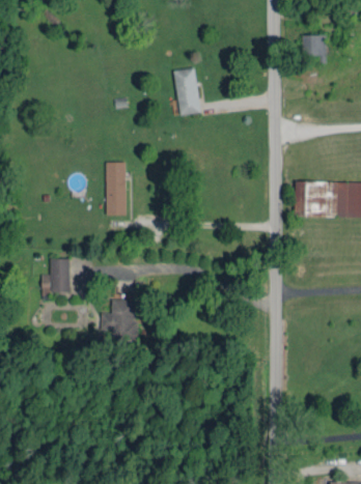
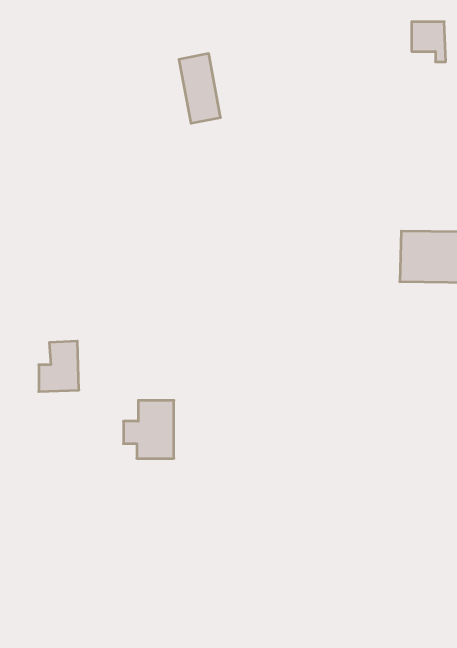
building: [173,67,202,116] -> [179,54,221,123]
building: [106,163,127,216] -> none

